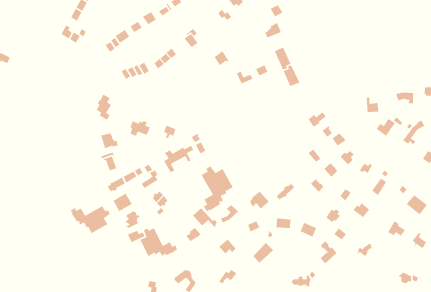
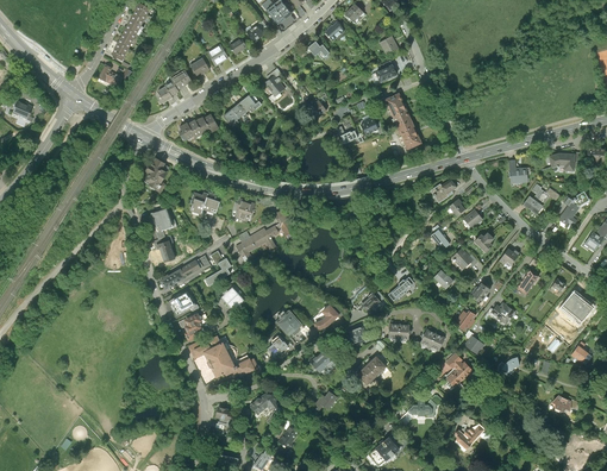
building: [201,165,234,212] -> none
building: [70,205,111,234] -> none

